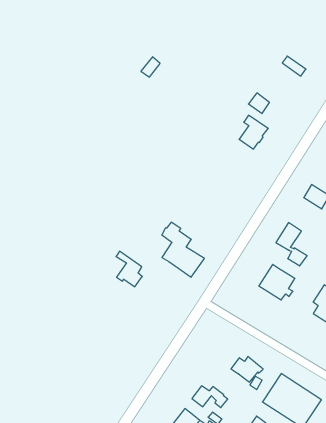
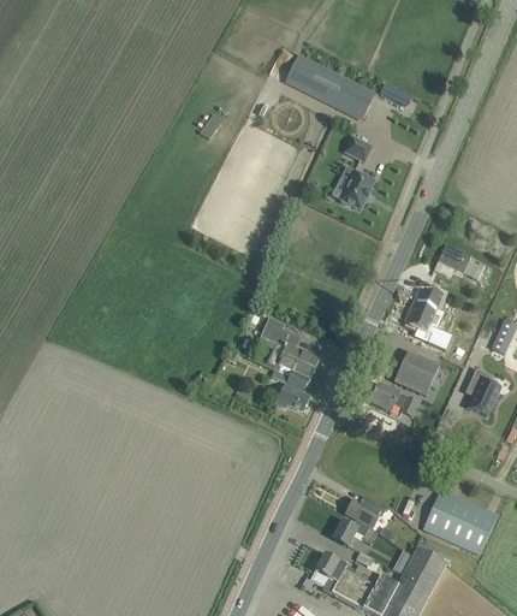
building: none -> [285,55,374,118]
building: [116,251,142,287] -> [271,368,308,410]
building: none -> [368,384,416,415]
building: [231,356,263,382] -> [344,494,385,527]

